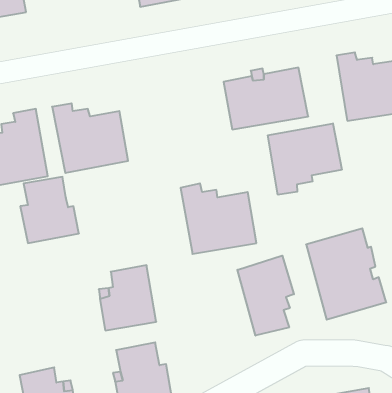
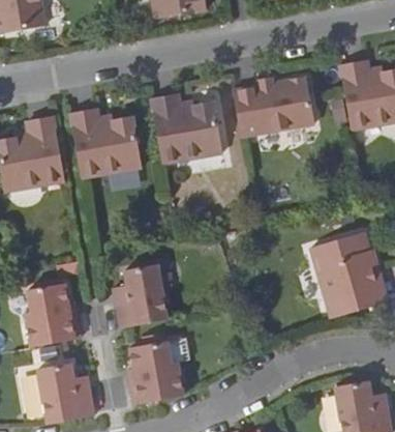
building: [268,123,342,195] -> none
building: [20,177,79,243] -> [25,284,81,347]
building: [181,183,256,254] -> [151,96,223,164]
building: [237,256,294,336] -> none

